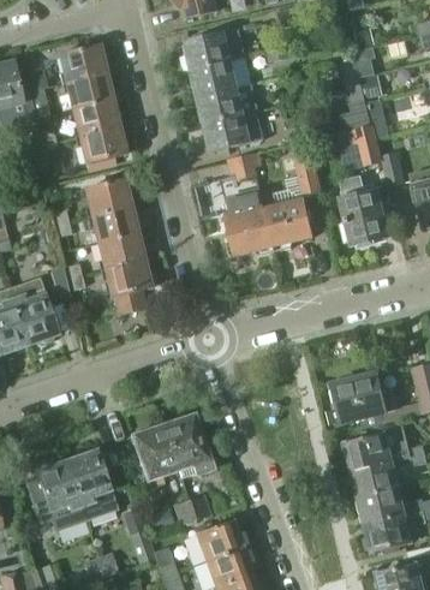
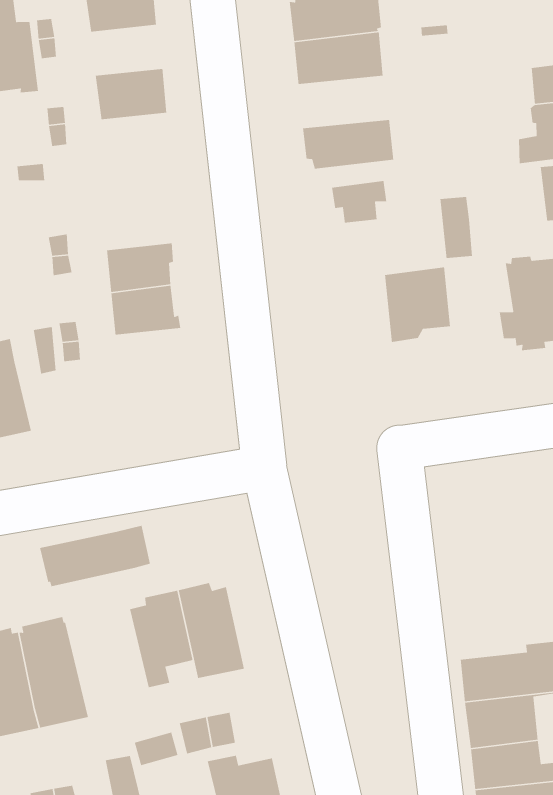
building: [65,71,113,107] -> none
building: [198,85,258,124] -> none
building: [78,125,126,163] -> none
building: [85,179,132,215] -> none
building: [228,190,276,254] -> none
building: [103,258,151,312] -> none
building: [328,374,386,425] -> none
building: none -> [39,525,151,587]

